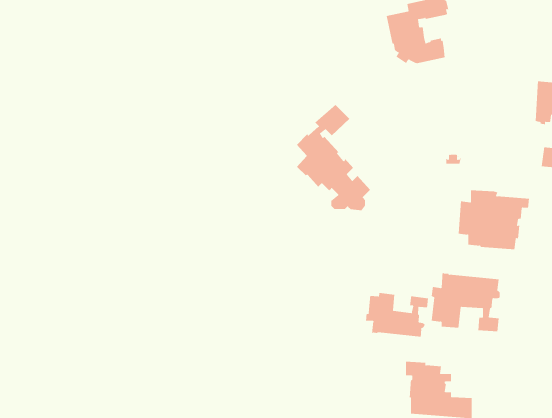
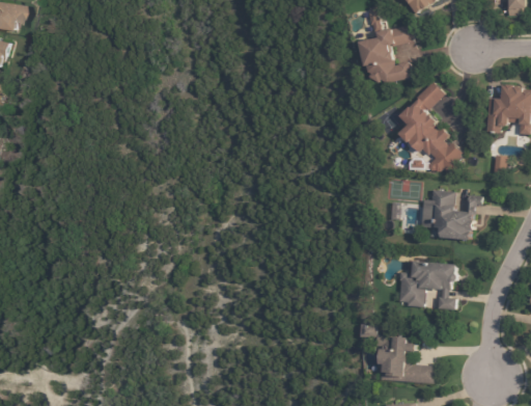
building: [296,104,371,211] -> [399,81,463,171]
building: [365,292,428,337] -> none

